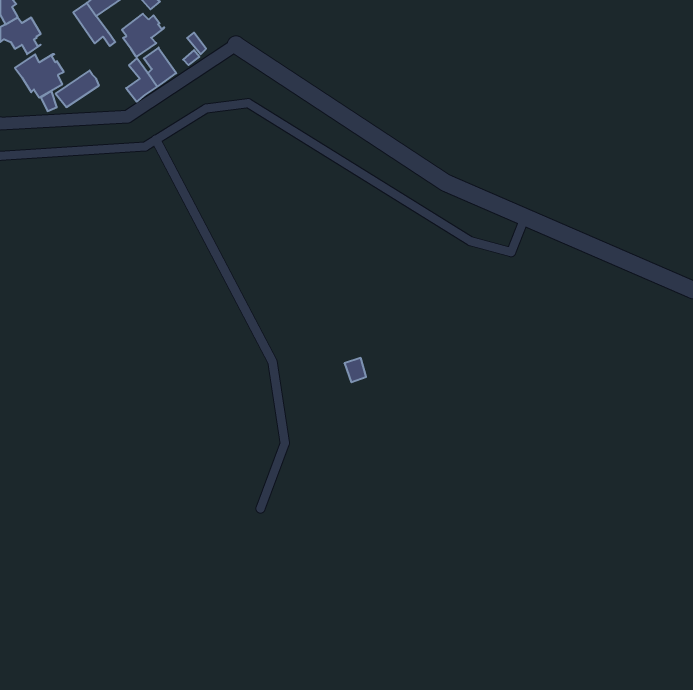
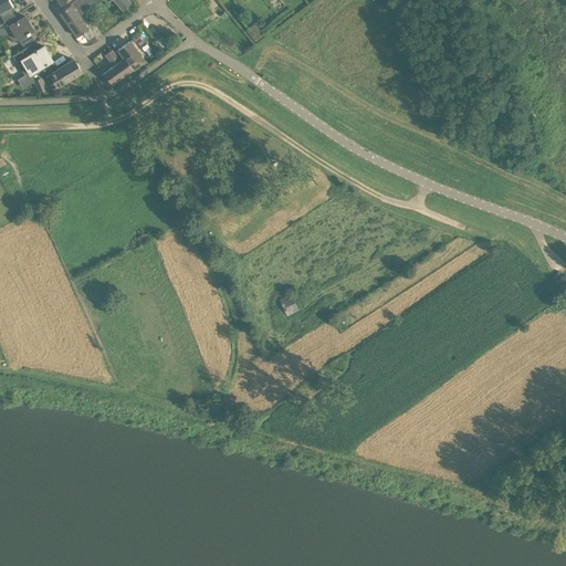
building: [122,14,164,57] -> none

